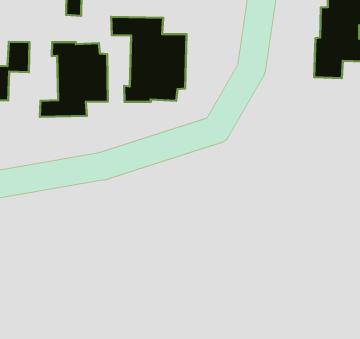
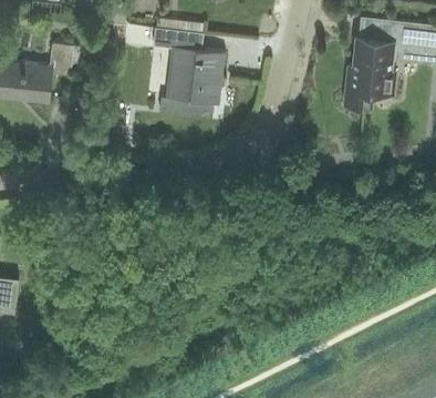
building: [40,42,108,117] -> none

